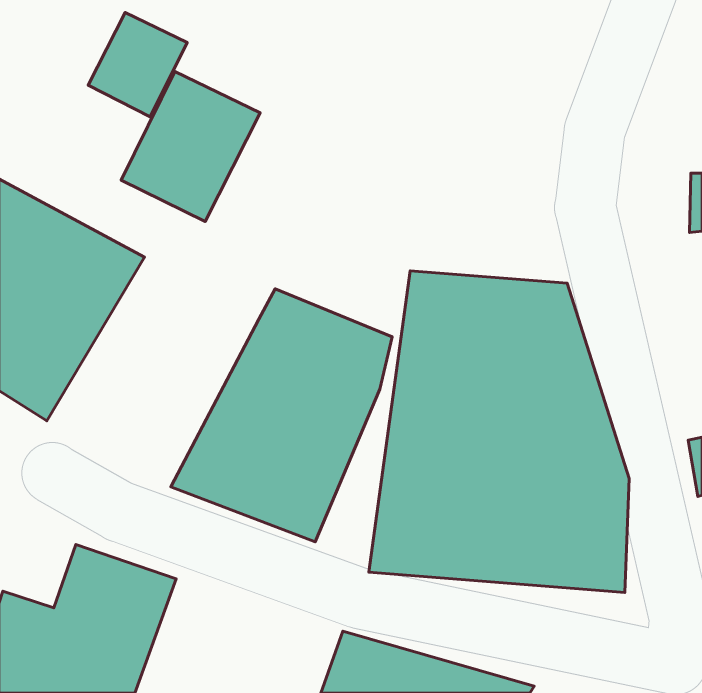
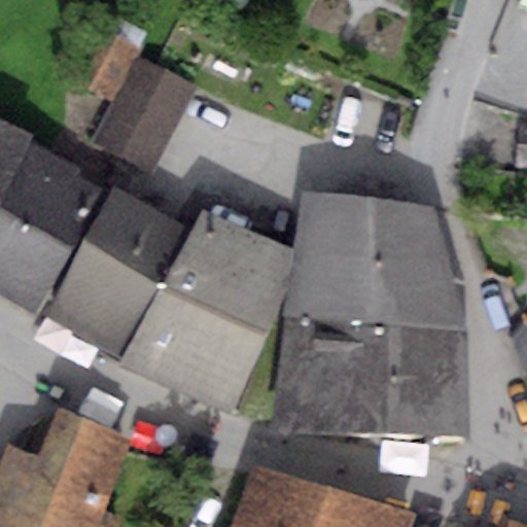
building: none -> [45,196,194,364]

